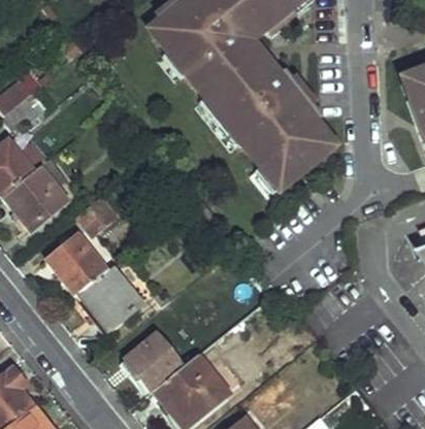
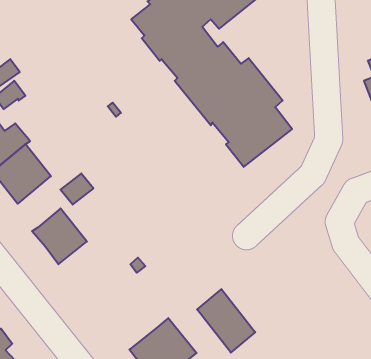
building: [76,266,143,326] -> none
building: none -> [197,289,255,353]
building: [126,330,183,390] -> none

